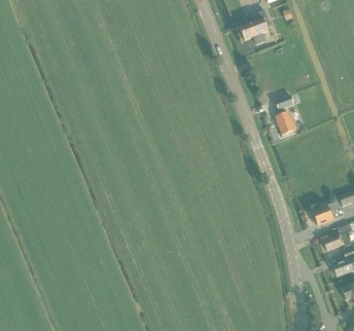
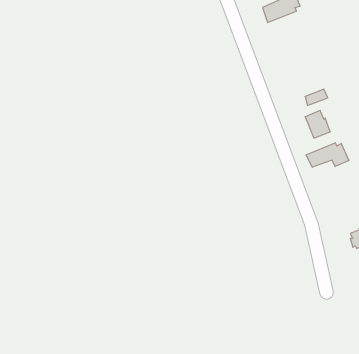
building: none -> [306,143,349,167]

